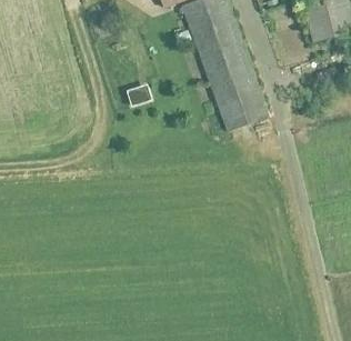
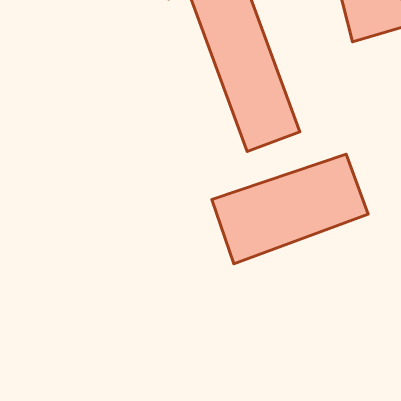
building: none -> [212,154,368,264]

